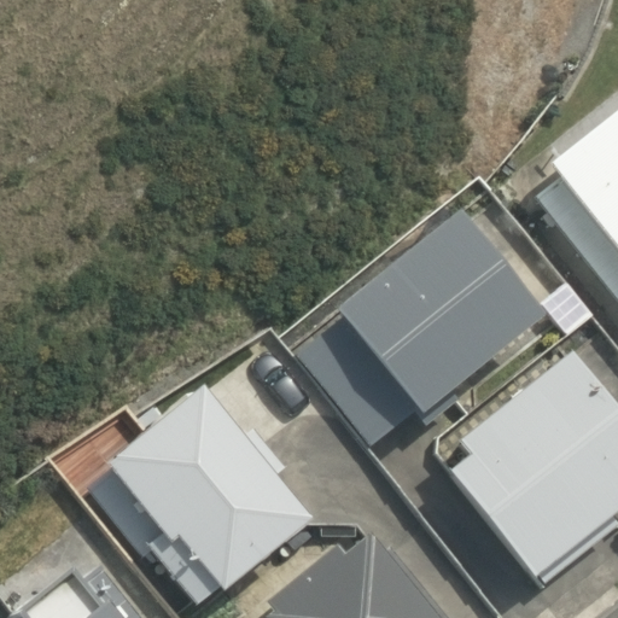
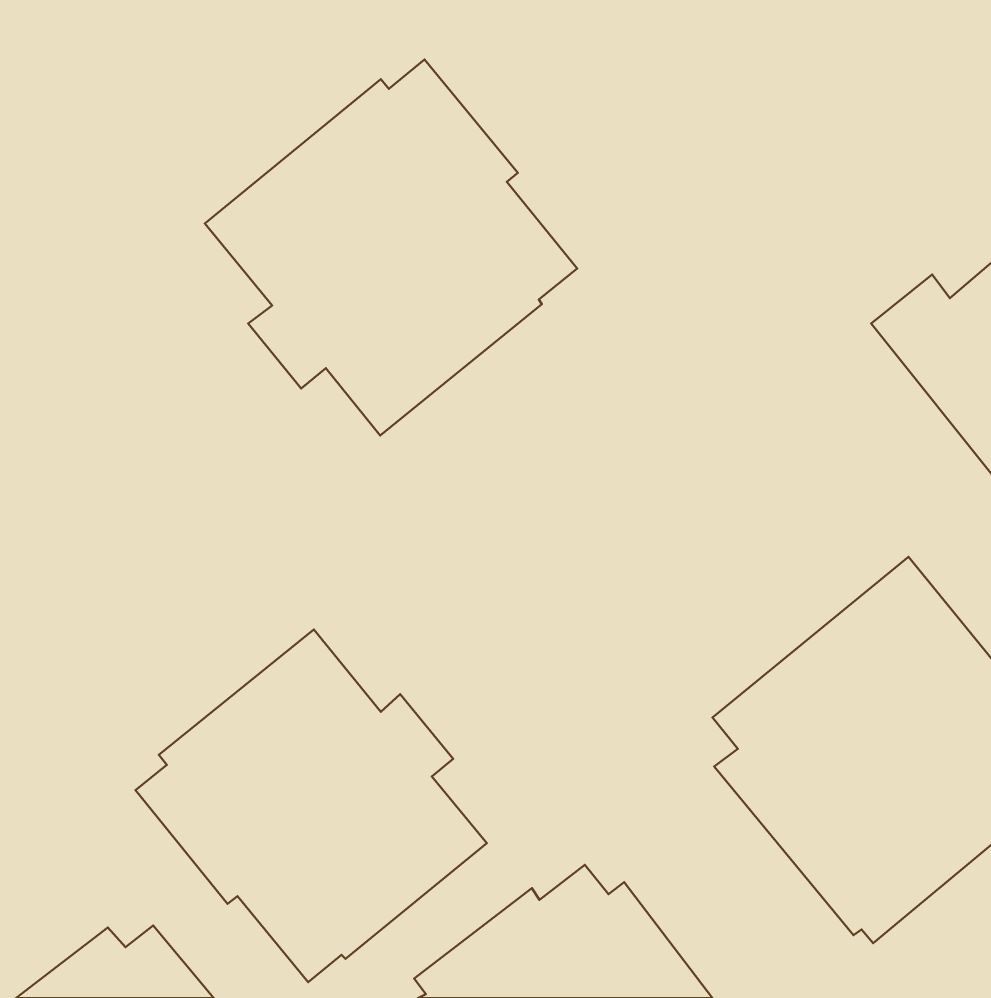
building: none -> [205,60,577,436]
building: [298,212,541,447] -> none

